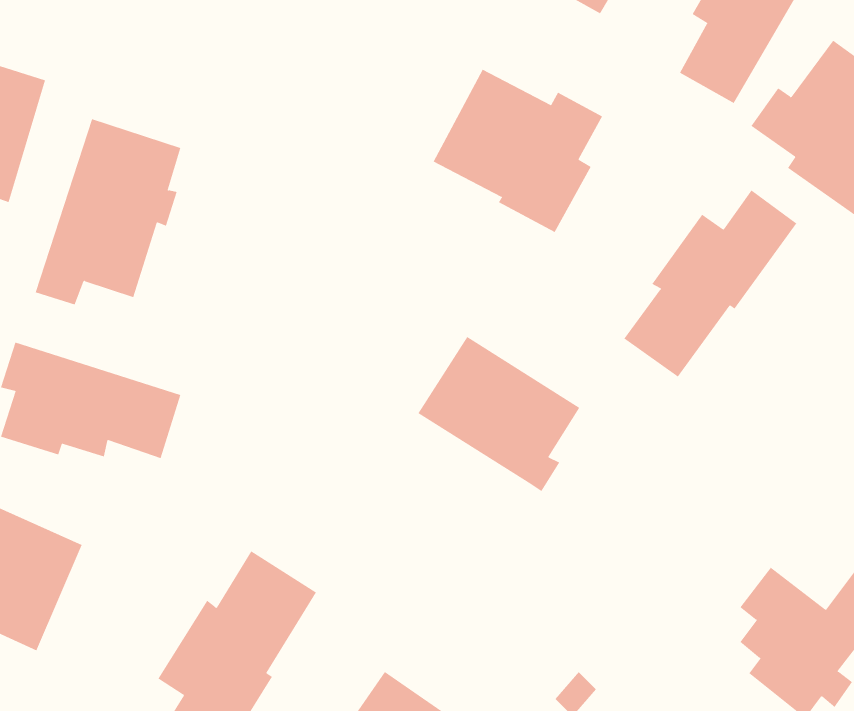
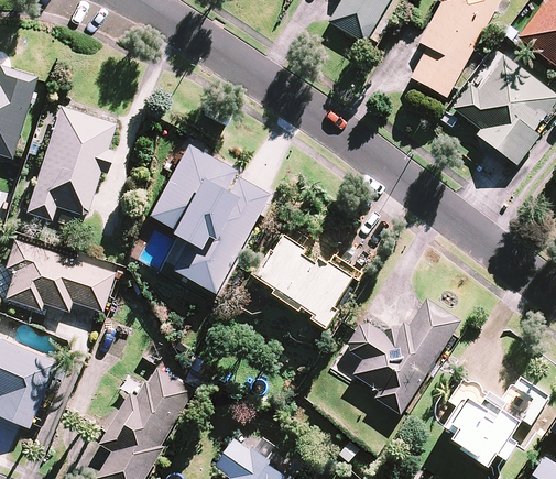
building: [433,69,603,233] -> none
building: none -> [148,143,271,294]
building: [623,190,797,377] -> none
building: none -> [347,301,459,414]

